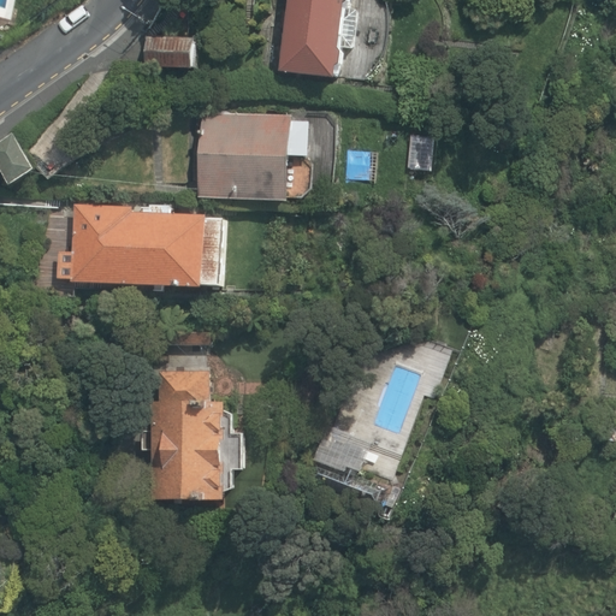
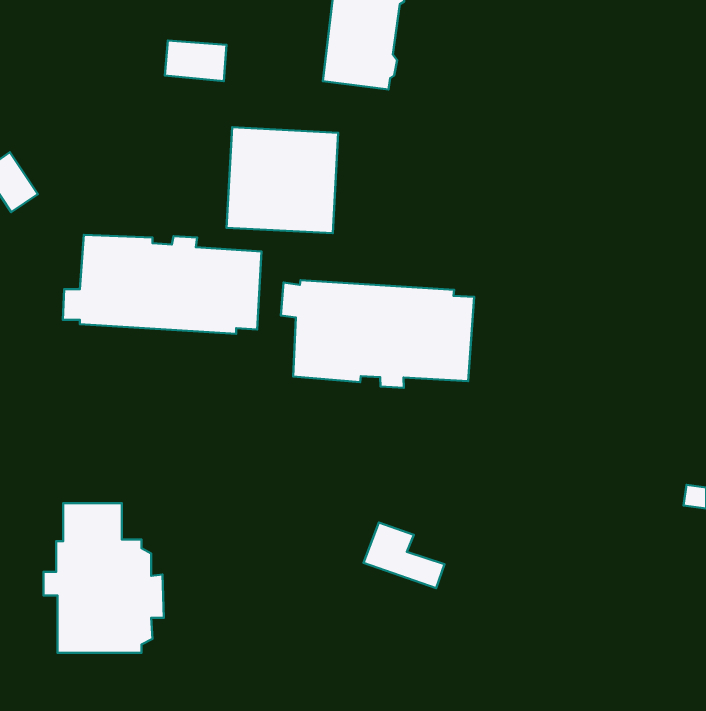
building: none -> [281,280,474,388]
building: [138,368,242,497] -> [44,503,164,653]

